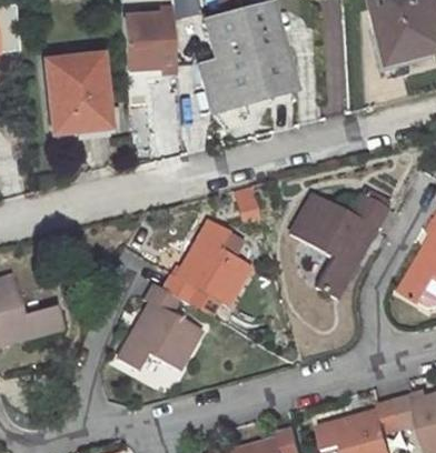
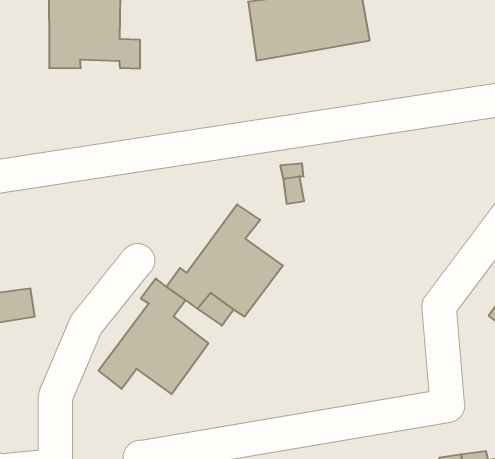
building: [297,193,393,298] -> none

